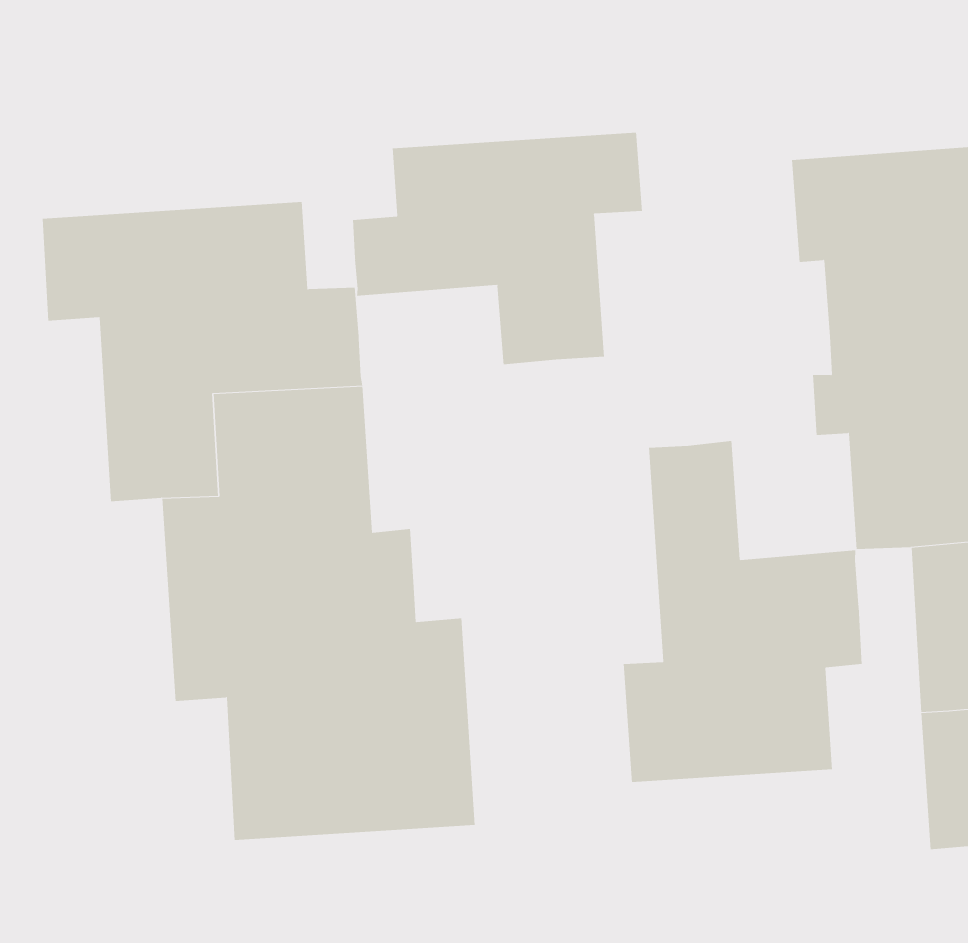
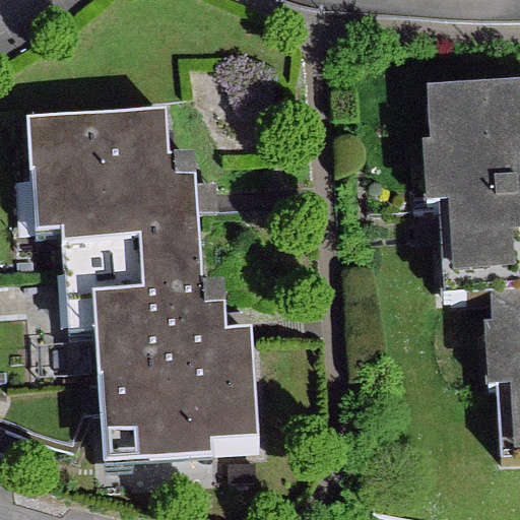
building: [352,132,643,365] -> none
building: [623,440,862,783] -> none

